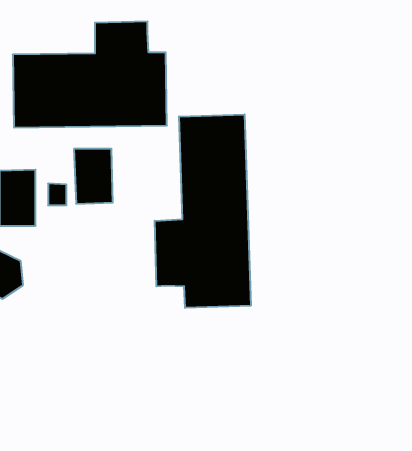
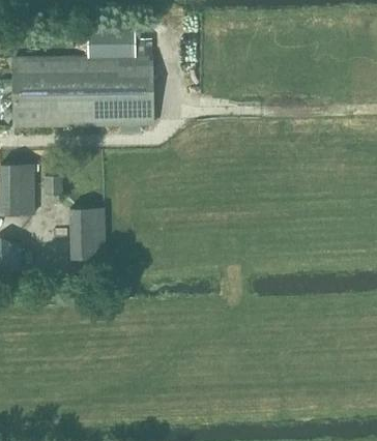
building: [155,114,251,308] -> none
building: [74,149,113,204] -> [69,207,105,257]

